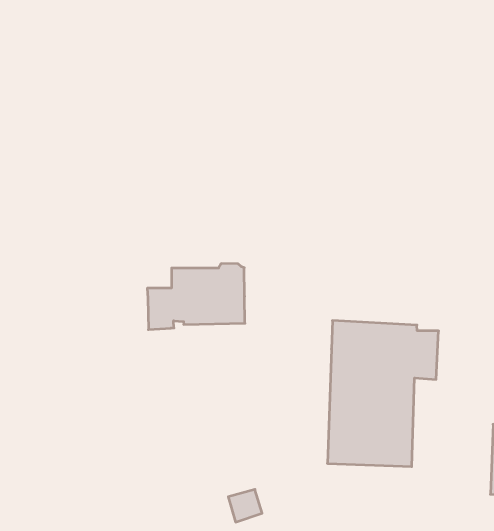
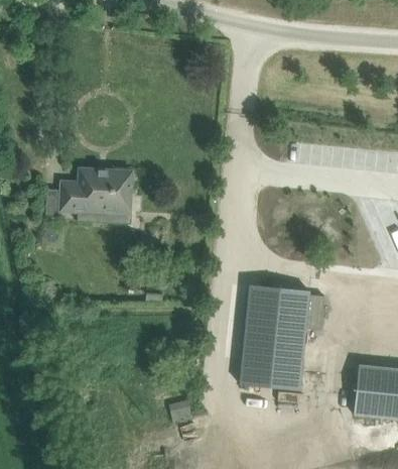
building: [147,264,245,330] -> [60,167,131,211]

